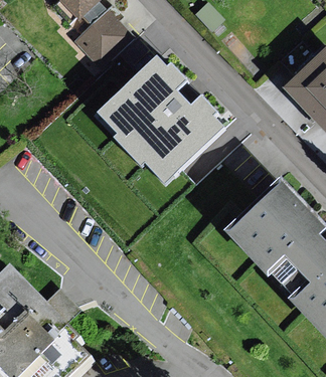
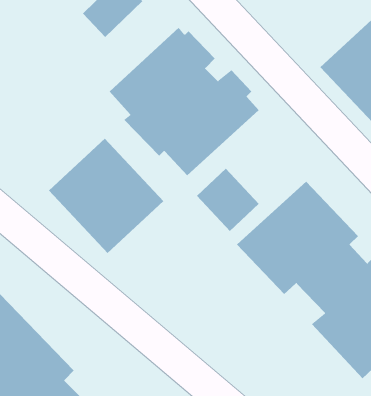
building: none -> [48,138,164,254]
building: none -> [196,168,259,232]

